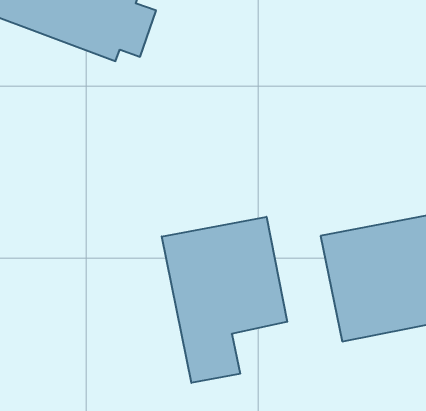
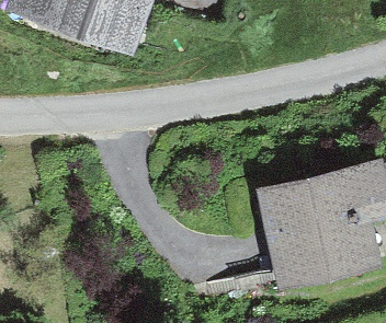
building: [162,217,287,383] -> none

